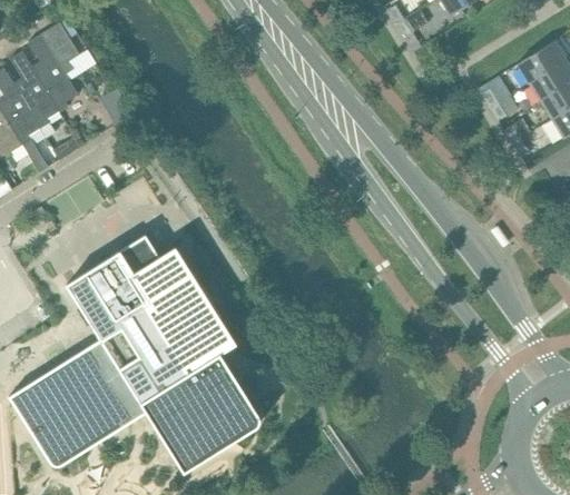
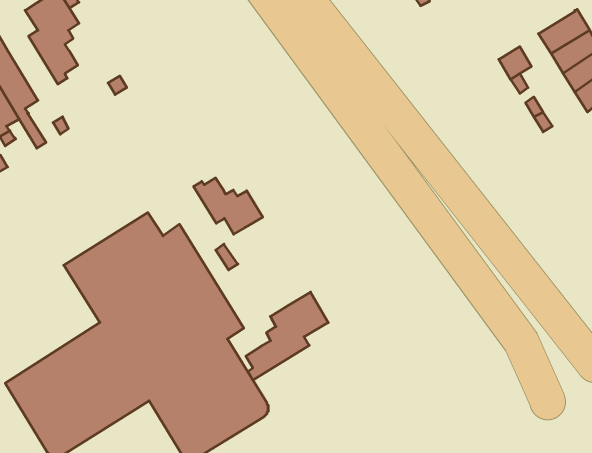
building: [9,49,59,137] -> none
building: none -> [194,178,263,234]
building: none -> [246,292,328,380]

